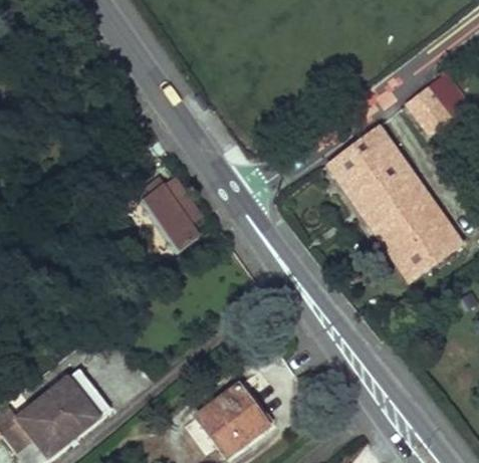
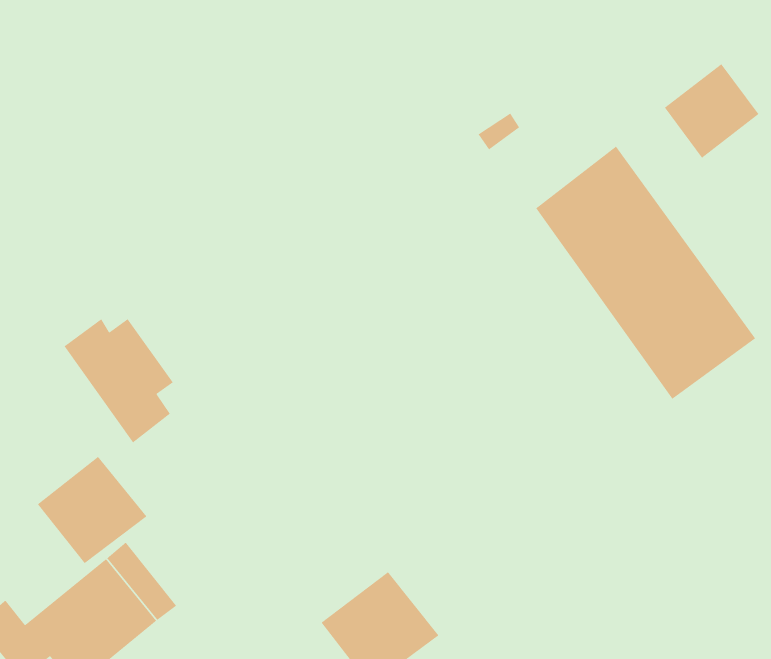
building: [136,176,203,252] -> [63,318,174,444]
building: none -> [37,456,148,564]

